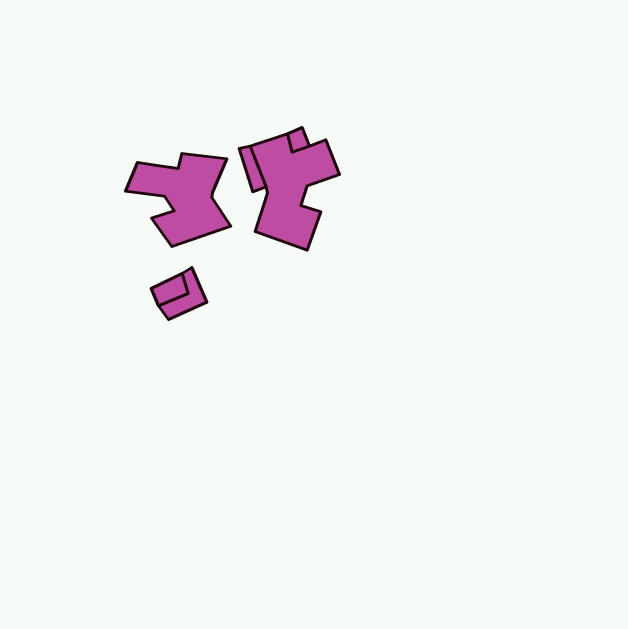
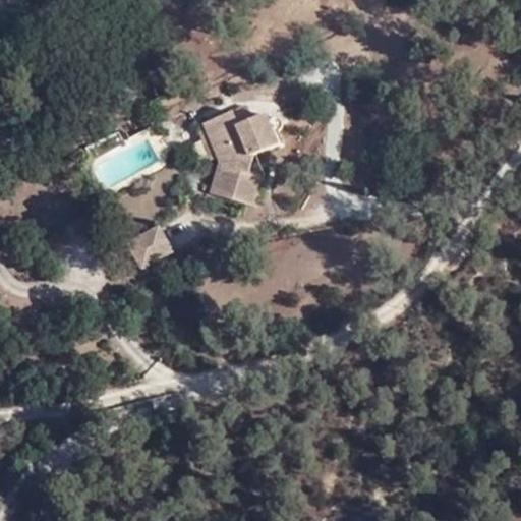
building: [126,153,231,246] -> none

